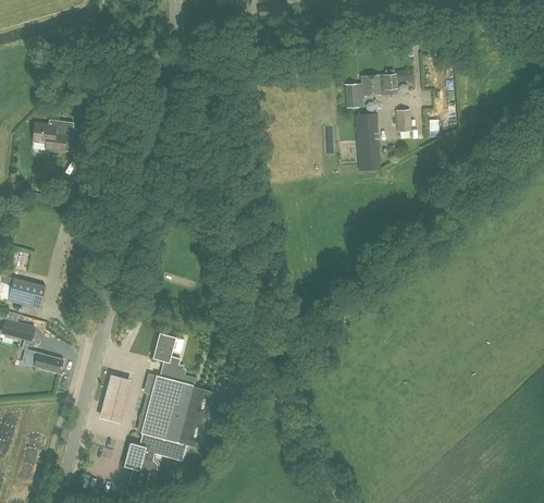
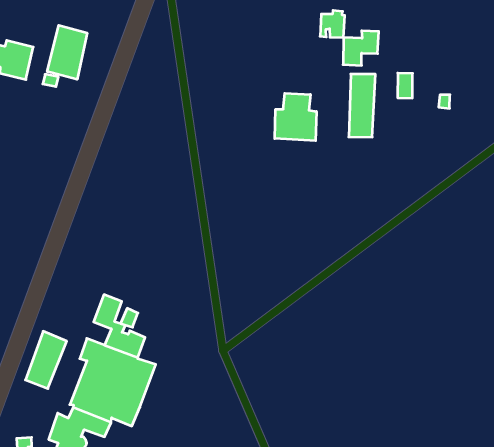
building: [375,70,397,94] -> [320,10,345,37]
building: none -> [47,25,87,79]
building: none -> [275,93,316,141]

